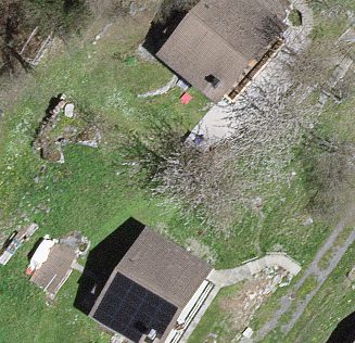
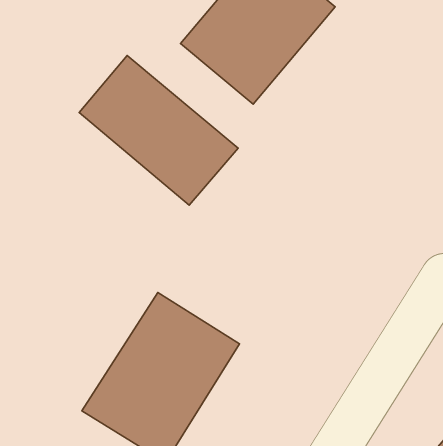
building: none -> [79,55,238,205]

